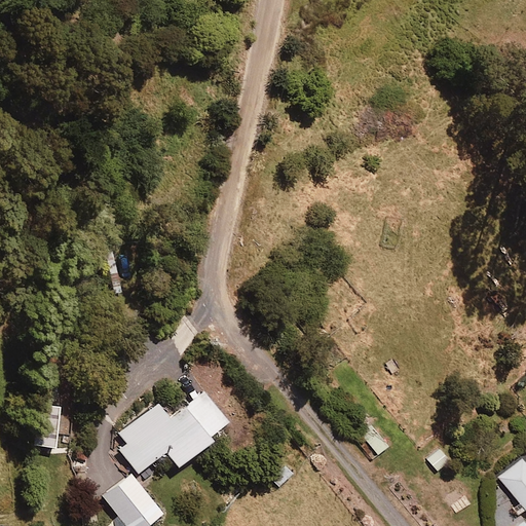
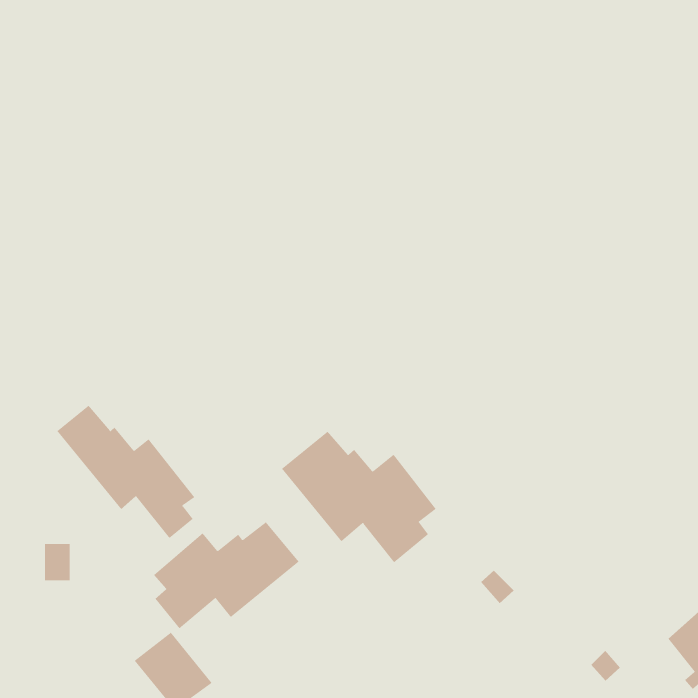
building: none -> [56,405,195,539]
building: none -> [281,431,436,563]

